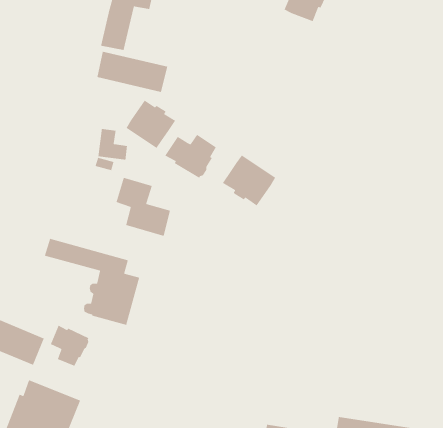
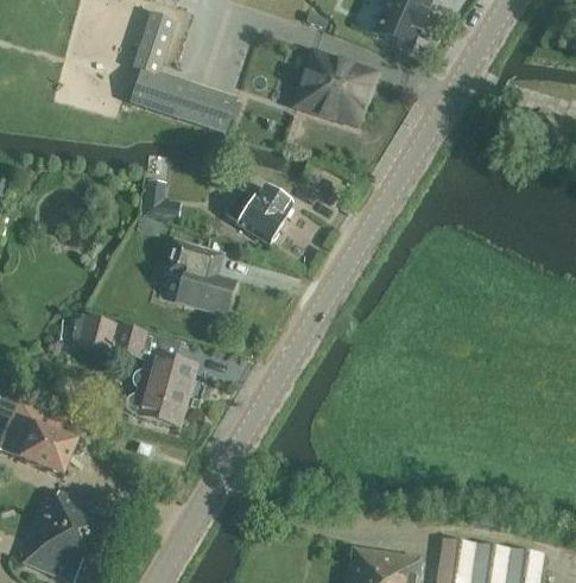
building: none -> [299,47,372,115]
building: [125,99,176,149] -> none
building: [222,154,276,206] -> none
building: [50,325,90,367] -> none

